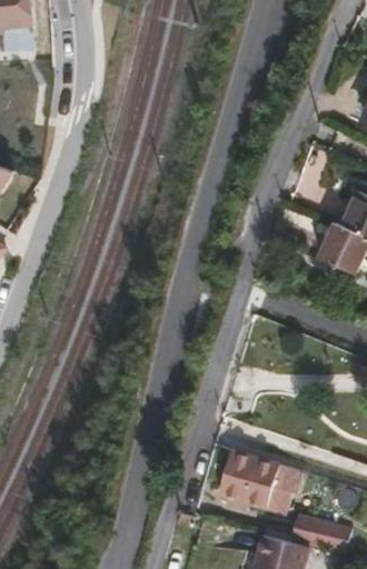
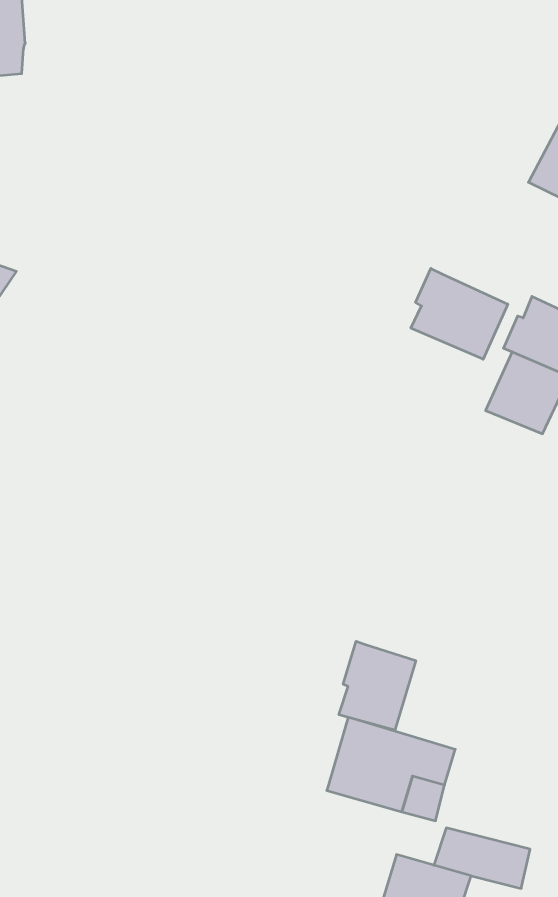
building: none -> [411,268,508,359]
building: none -> [339,641,416,730]

